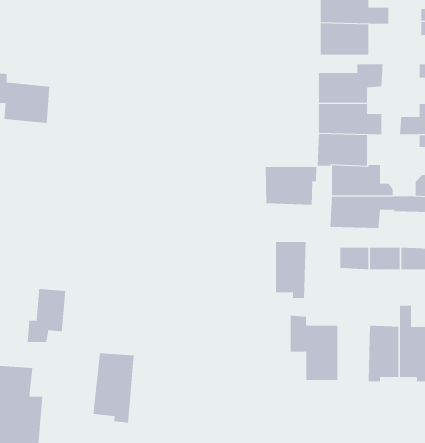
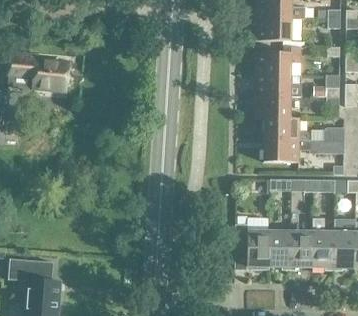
building: [265,166,317,206] -> none
building: [275,242,306,298] -> [269,231,291,271]
building: [27,288,66,343] -> none
building: [93,353,134,424] -> none

